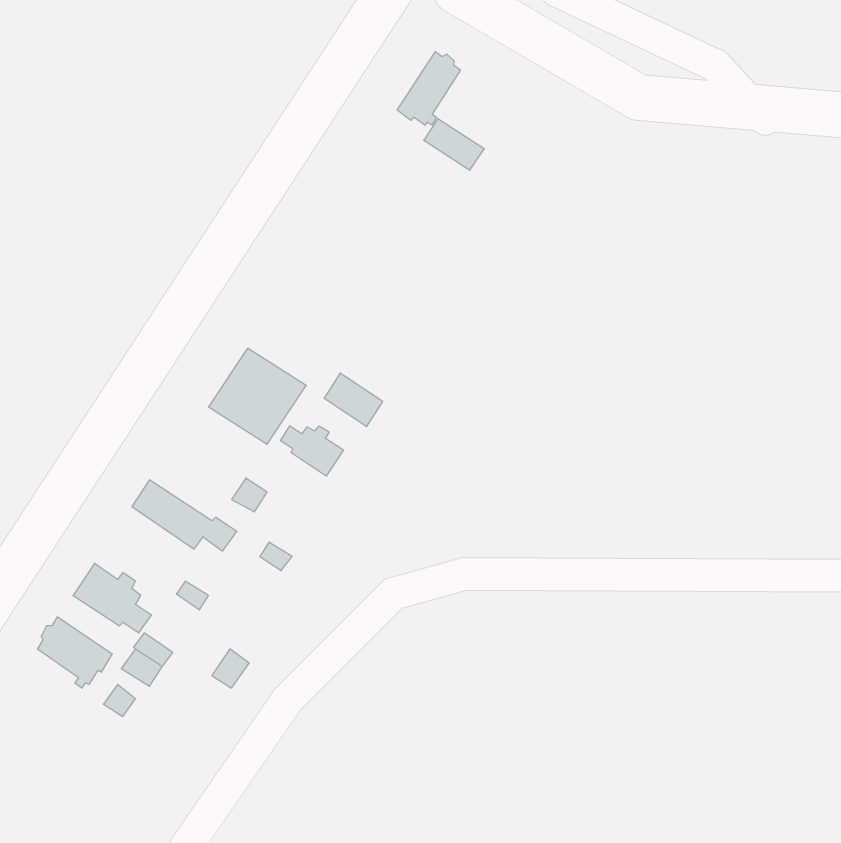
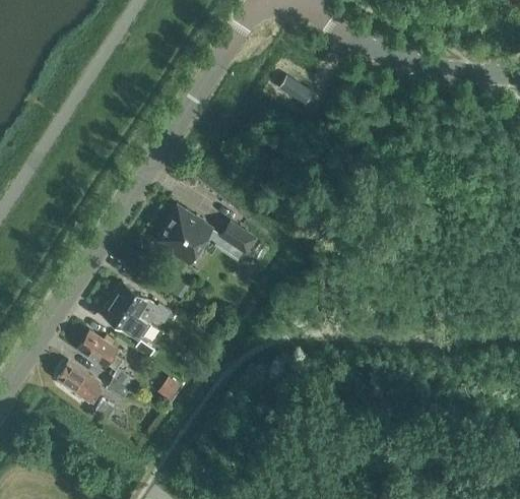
building: [397,51,460,125] -> none
building: [281,426,344,476] -> none
building: none -> [102,299,148,339]

